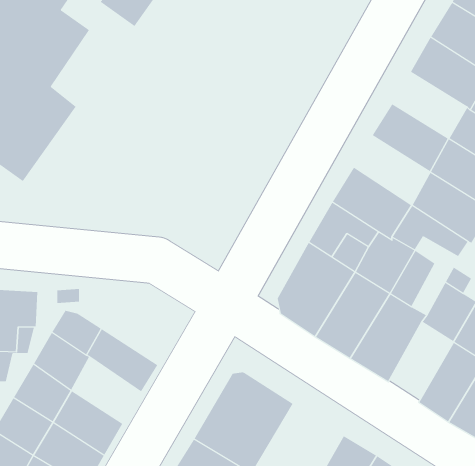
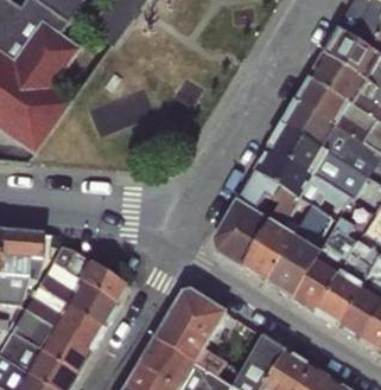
building: none -> [297,76,350,123]
building: none -> [269,121,324,171]
building: none -> [294,254,341,311]
building: none -> [69,279,119,326]

